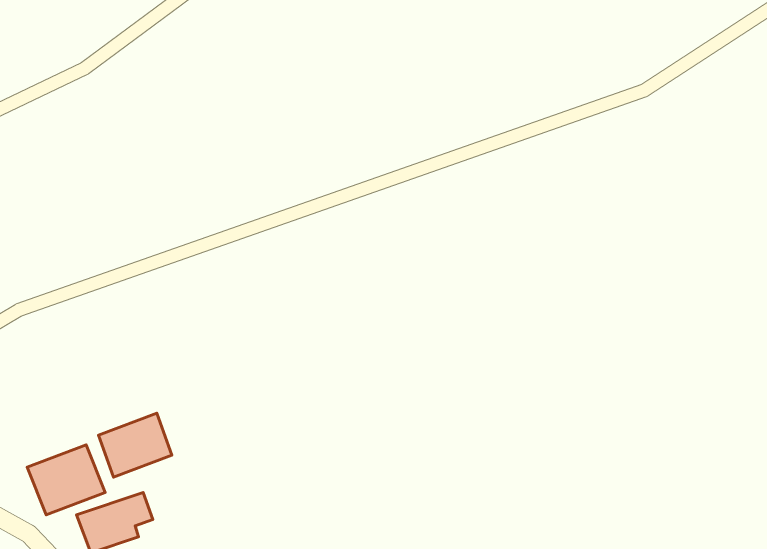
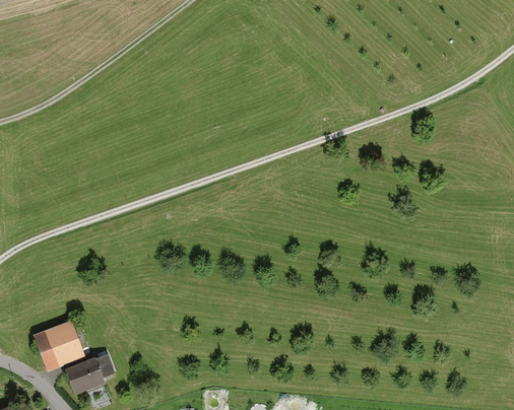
building: [99,413,172,477] -> none

